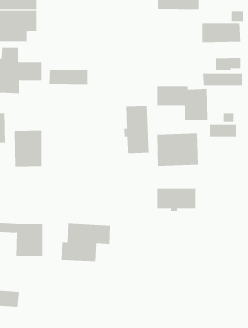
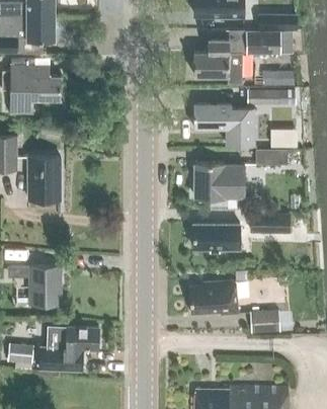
building: none -> [193,40,242,84]
building: [49,69,88,85] -> none
building: [124,105,149,154] -> none
building: none -> [251,213,290,233]
building: [61,223,111,262] -> [39,324,98,370]
building: none -> [191,280,240,316]
building: none -> [251,310,280,332]

